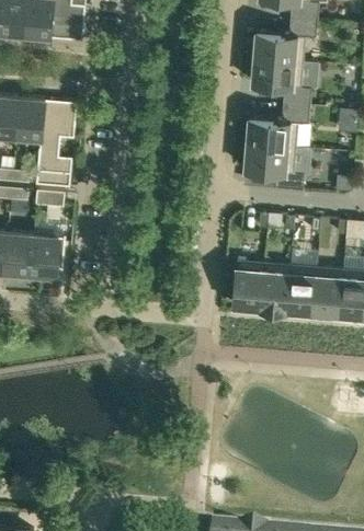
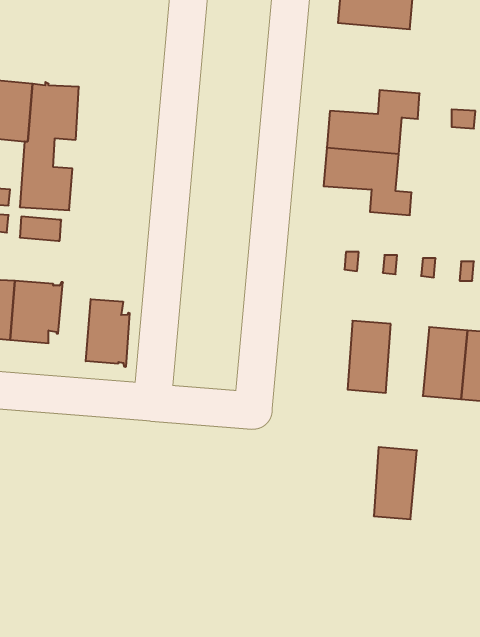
building: [251,59,311,107] -> none
building: none -> [86,299,130,367]
building: [232,261,263,310] -> none
building: [286,265,316,314] -> [374,447,417,519]

